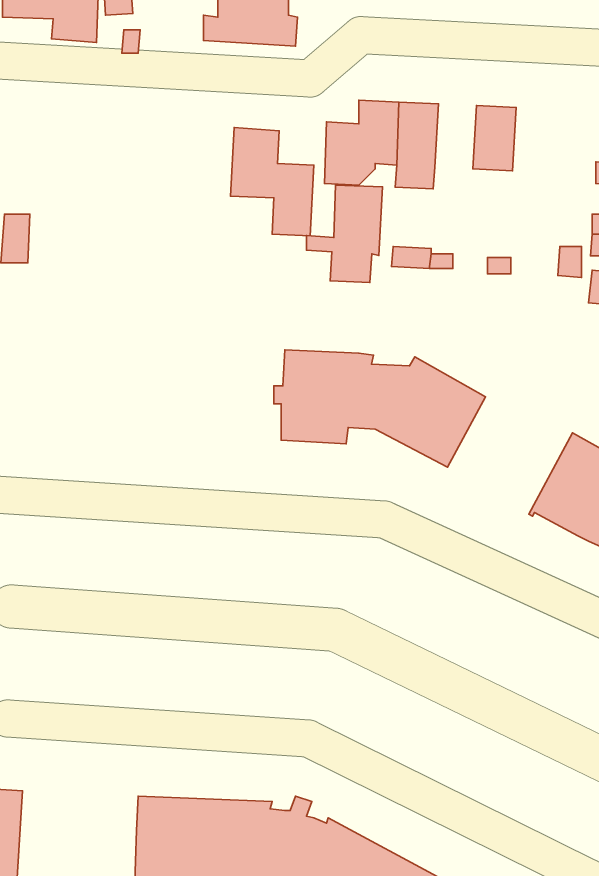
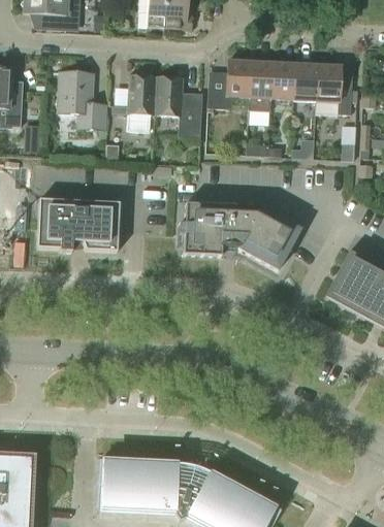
building: none -> [270,62,294,99]
building: none -> [315,64,352,113]
building: none -> [58,71,105,129]
building: [307,185,383,283] -> [113,74,156,130]
building: none -> [36,199,119,252]

